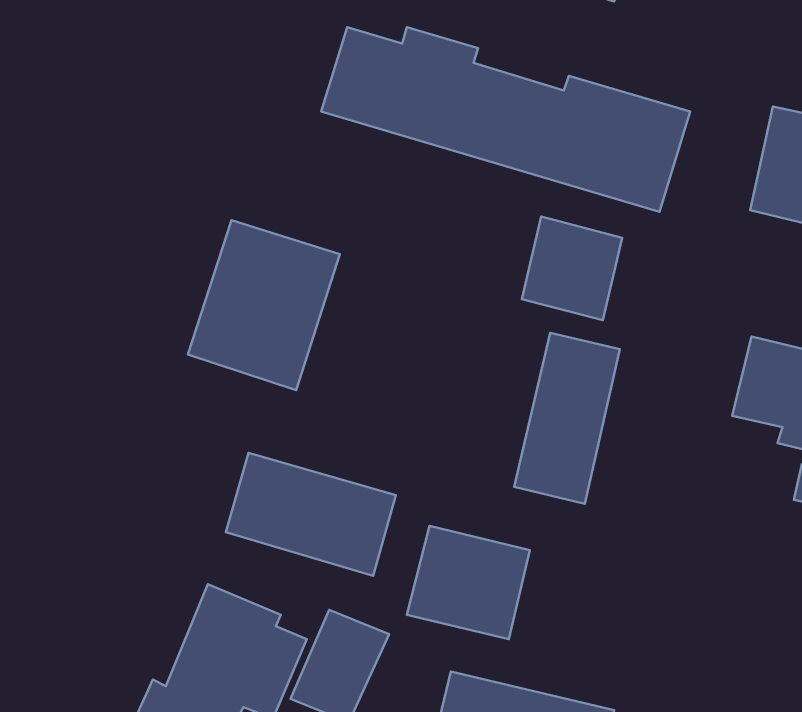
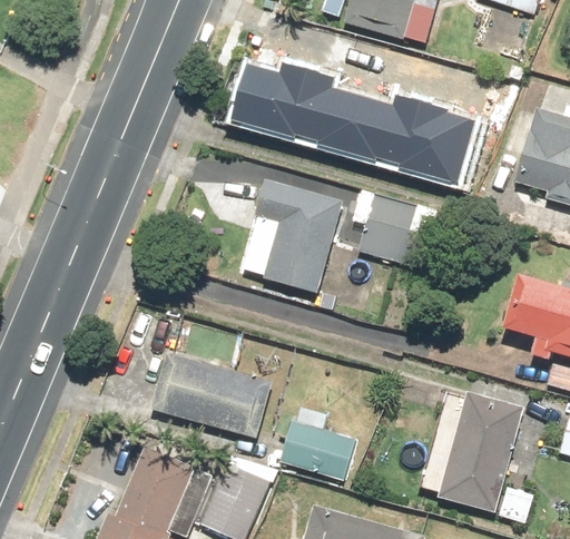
building: [188,220,340,390] -> [239,176,344,293]
building: [514,333,620,504] -> none
building: none -> [440,390,534,522]

